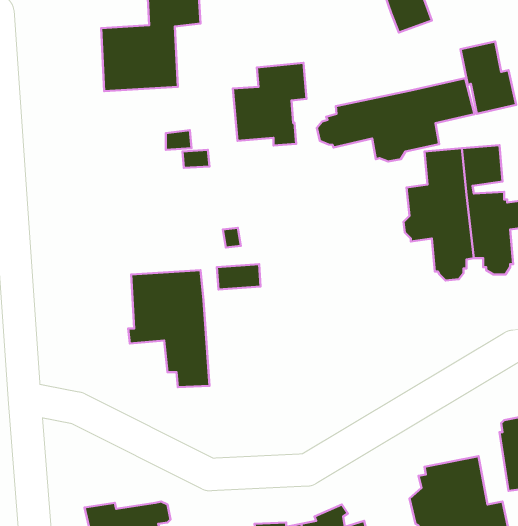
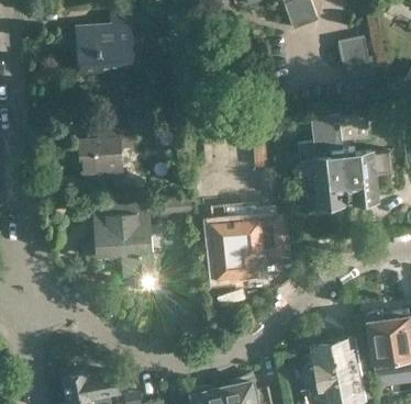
building: [233,63,307,145] -> [79,123,133,183]
building: [317,78,474,162] -> none
building: none -> [210,205,279,282]

